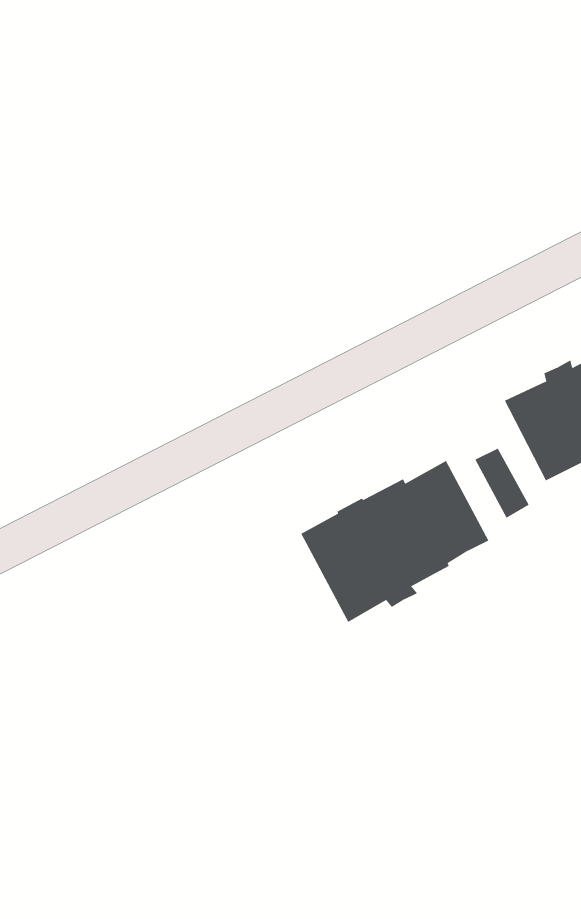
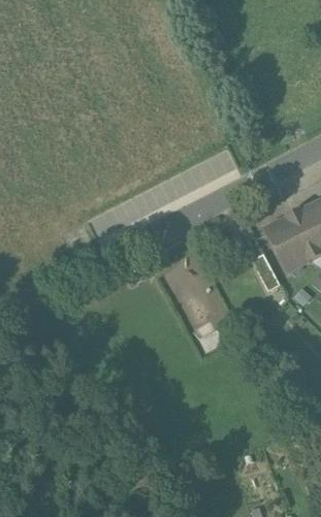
building: [300,460,489,623] -> none

